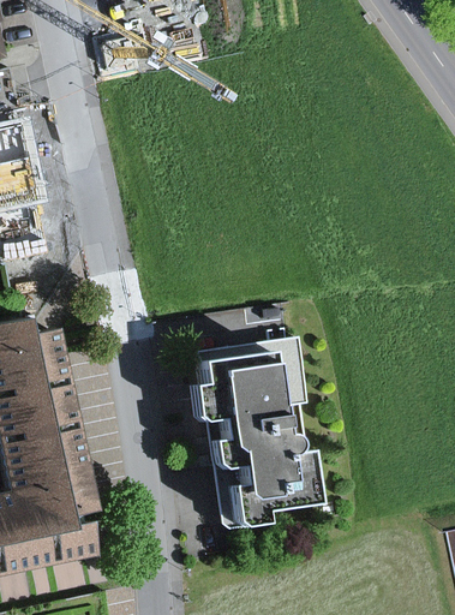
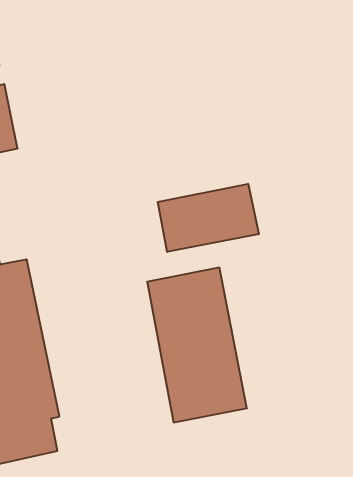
building: none -> [158,184,259,252]

